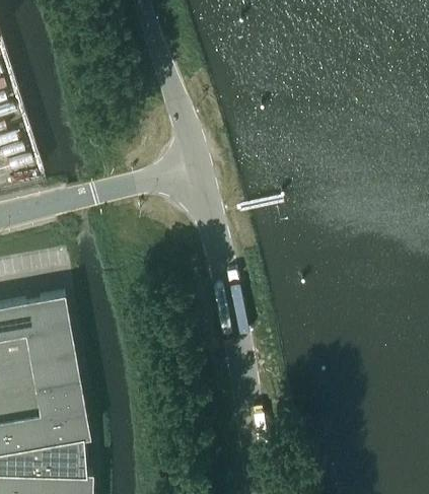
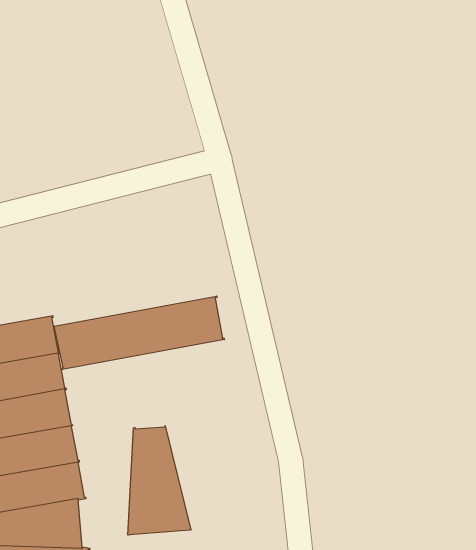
building: none -> [54,296,225,370]
building: none -> [128,426,191,535]

